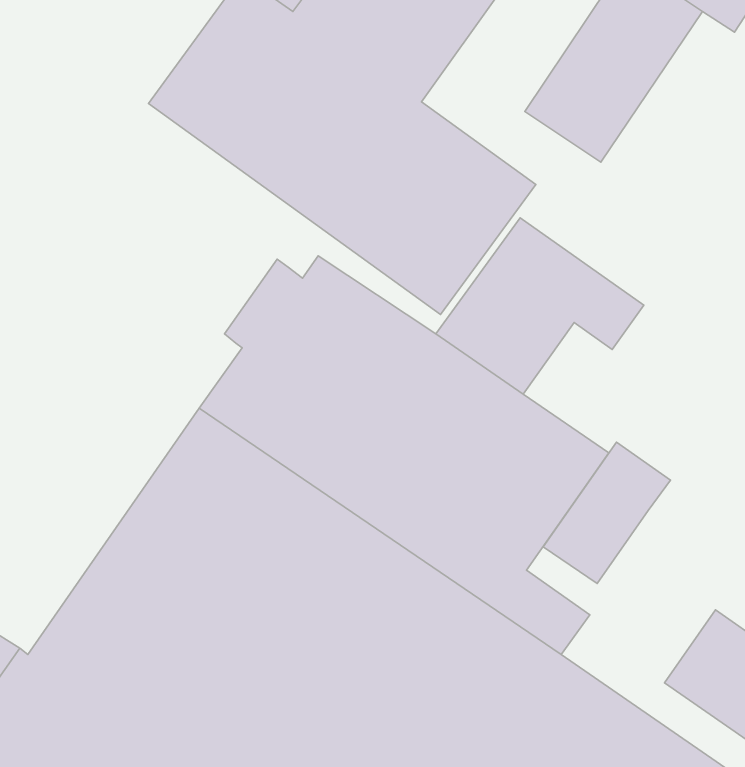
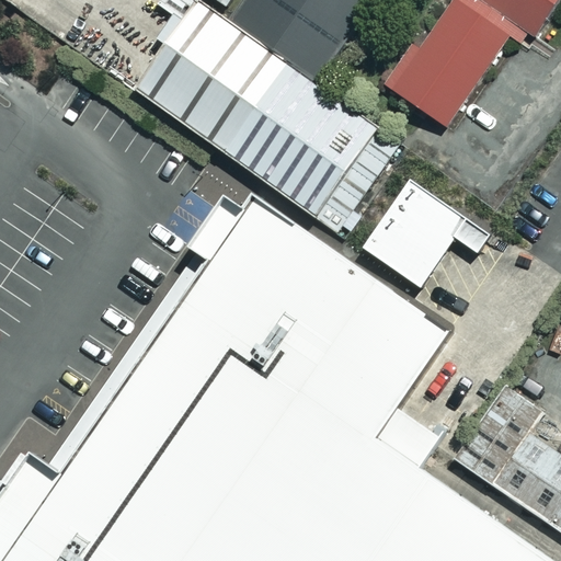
building: [543,442,670,583] -> [451,389,539,486]

